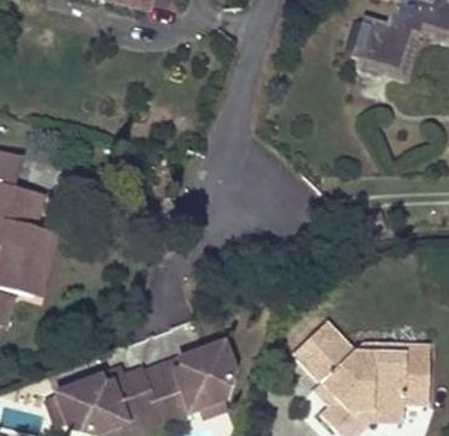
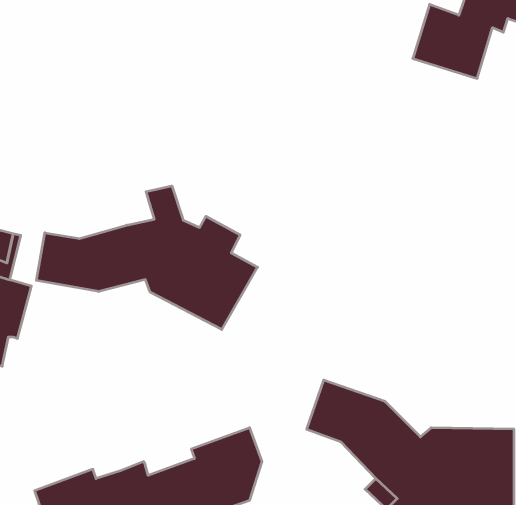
building: none -> [36,186,258,330]

